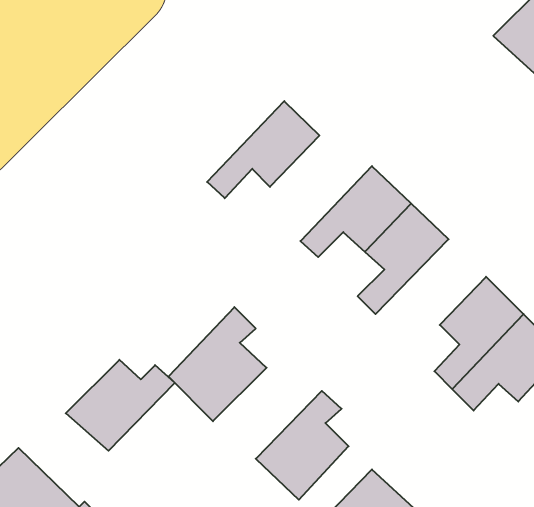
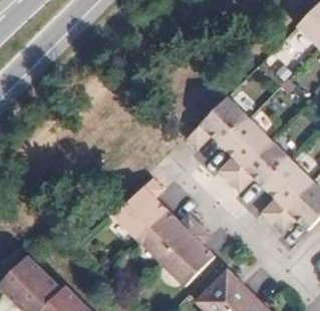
building: [207,101,319,198] -> none
building: none -> [229,138,291,191]
building: [66,360,175,451] -> [137,211,199,262]

